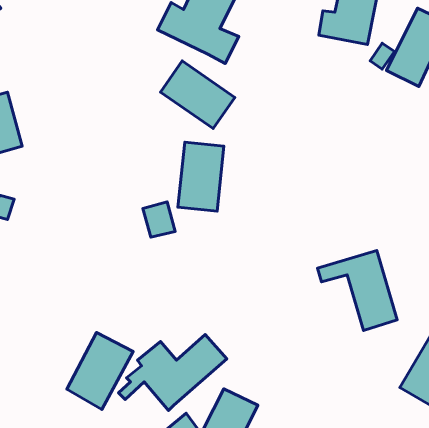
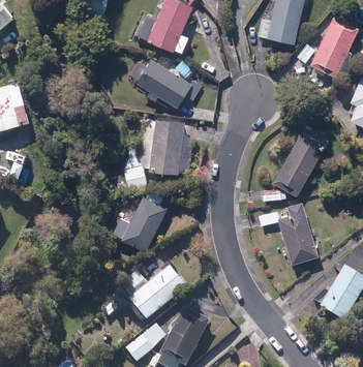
building: none -> [272,125,331,197]
building: [67,332,133,410] -> [121,193,172,252]

